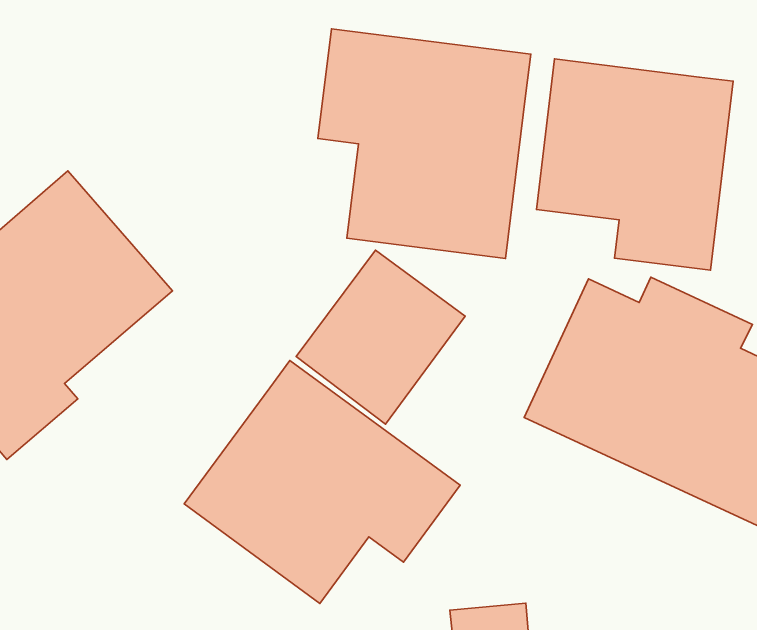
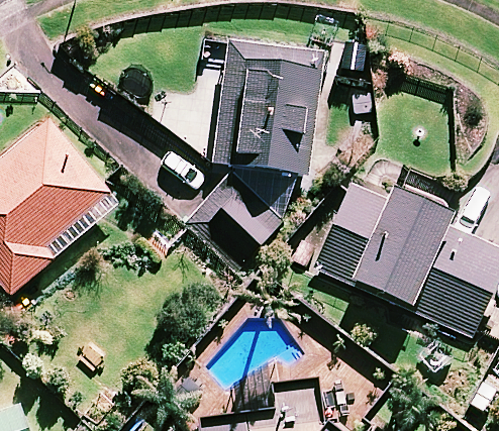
building: [536,59,733,270] -> none
building: [184,360,460,603] -> none

